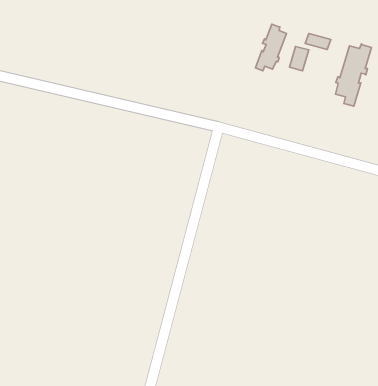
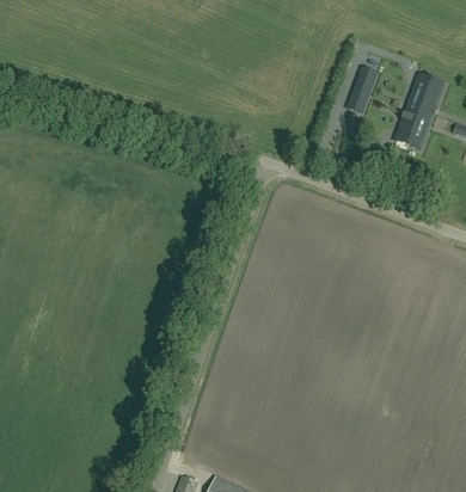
building: [256,24,286,71] -> none

